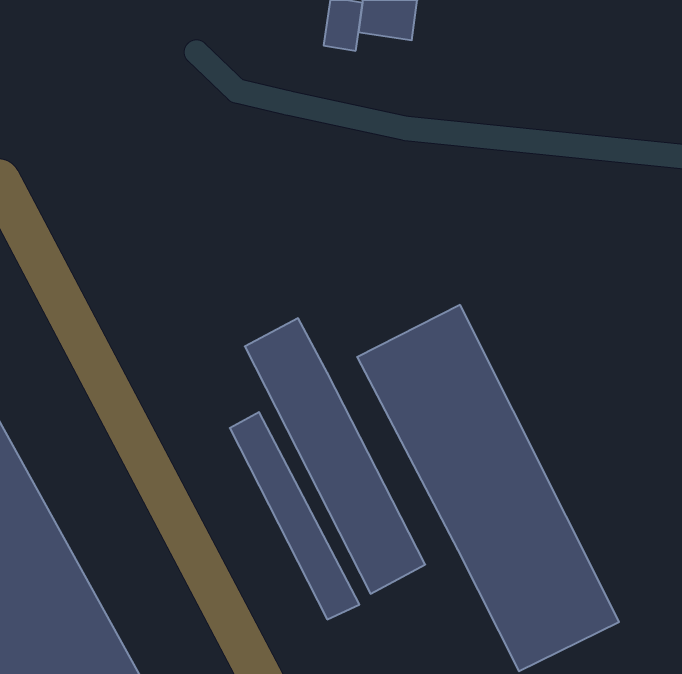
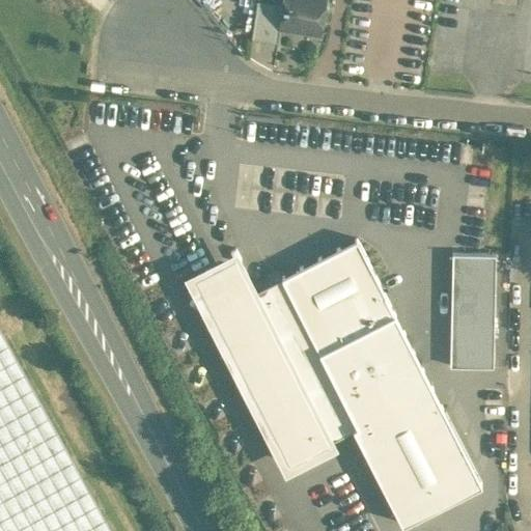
building: none -> [449,259,494,371]
building: [230,412,359,619] -> [254,284,355,445]

